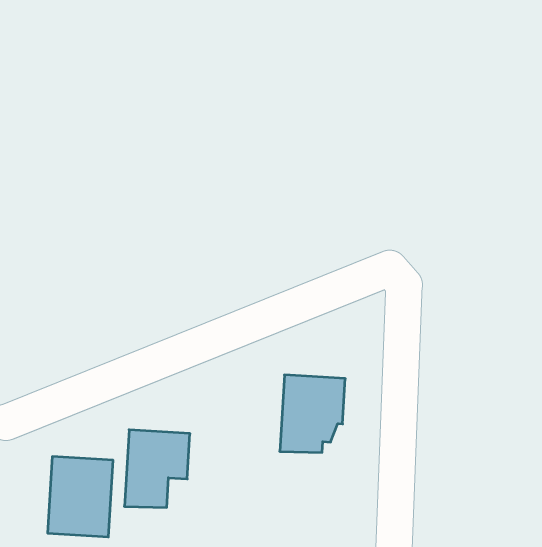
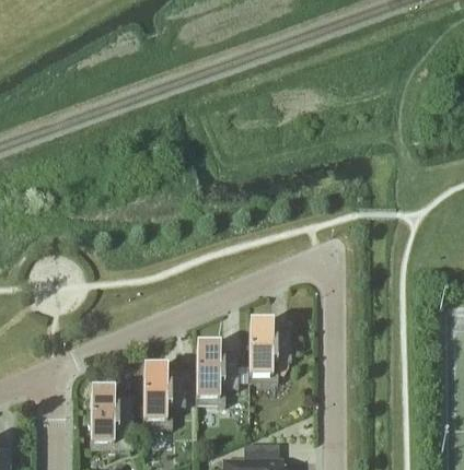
building: none -> [195,342,237,396]

